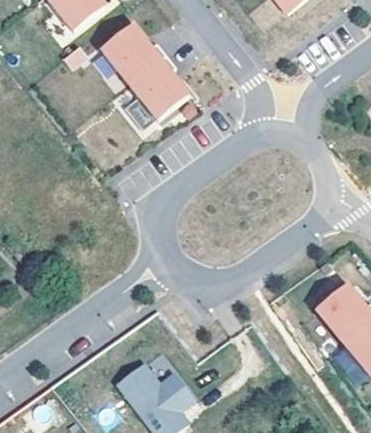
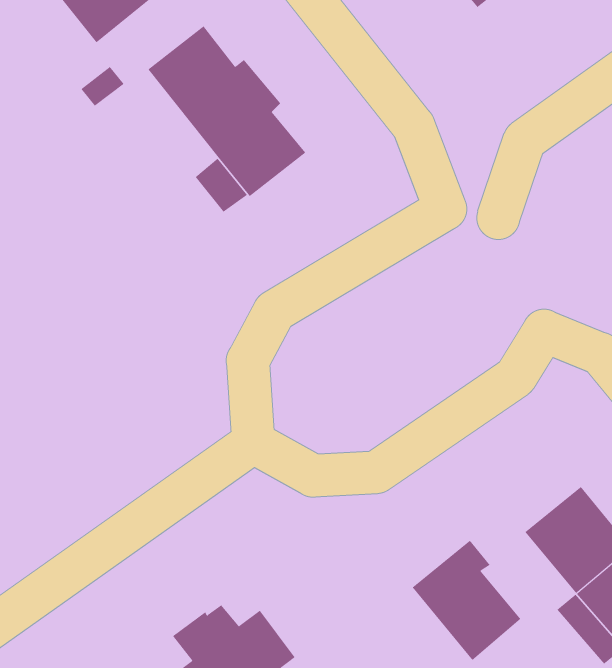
building: none -> [412,540,521,661]

